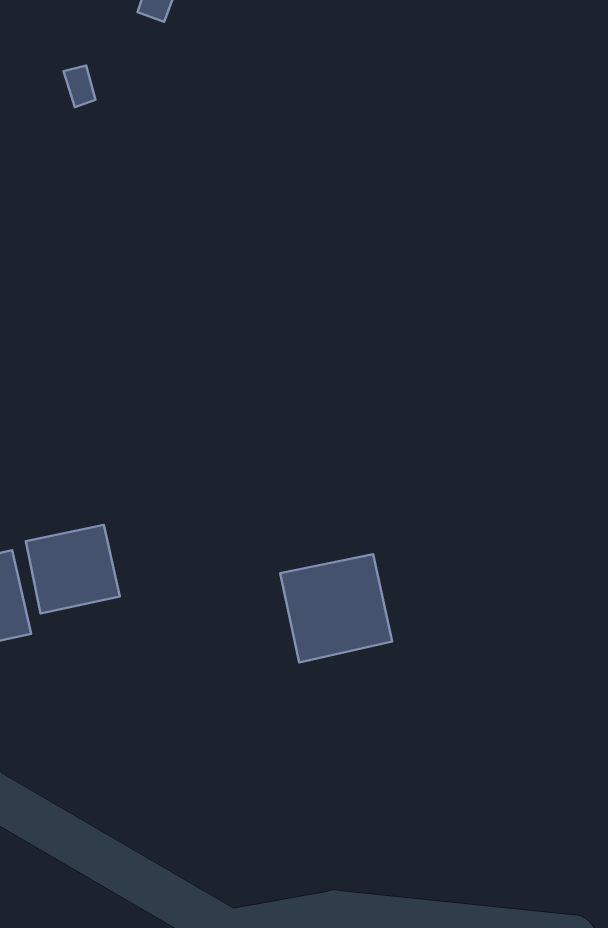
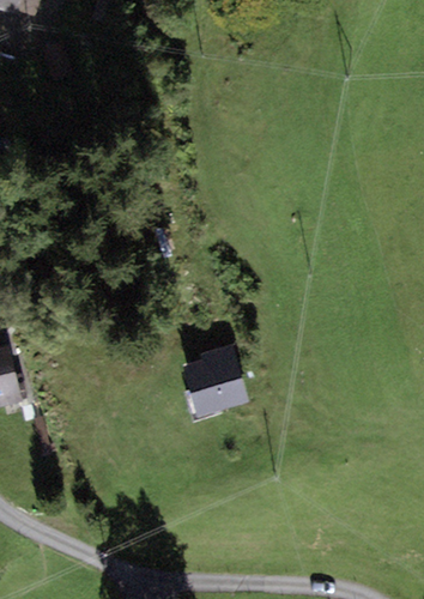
building: [26,525,120,614] -> none

